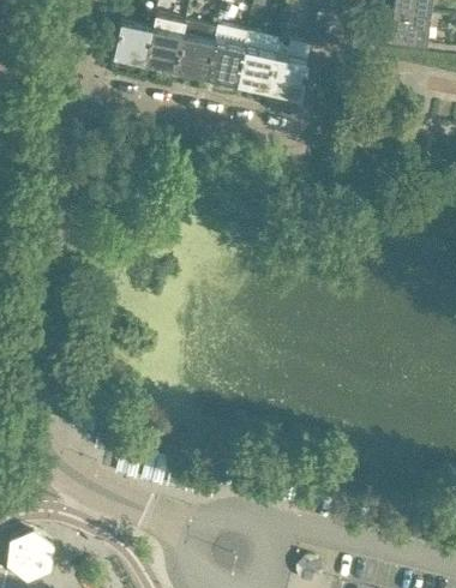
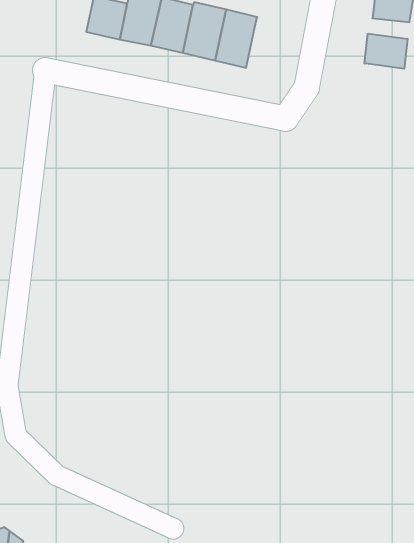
building: [268,44,310,97] -> none
building: none -> [365,34,408,69]

